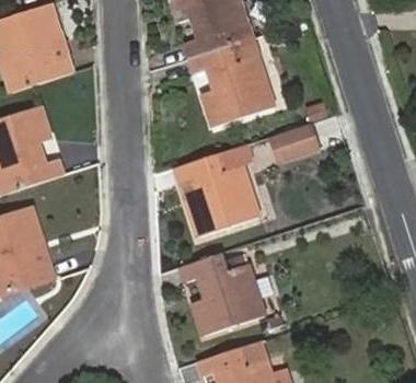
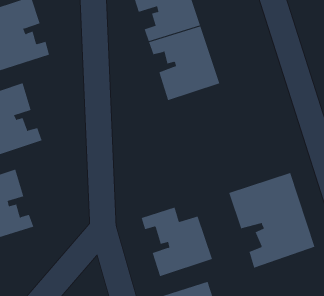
building: [271,121,327,164] -> none
building: [175,150,259,236] -> none
building: none -> [229,172,315,269]

